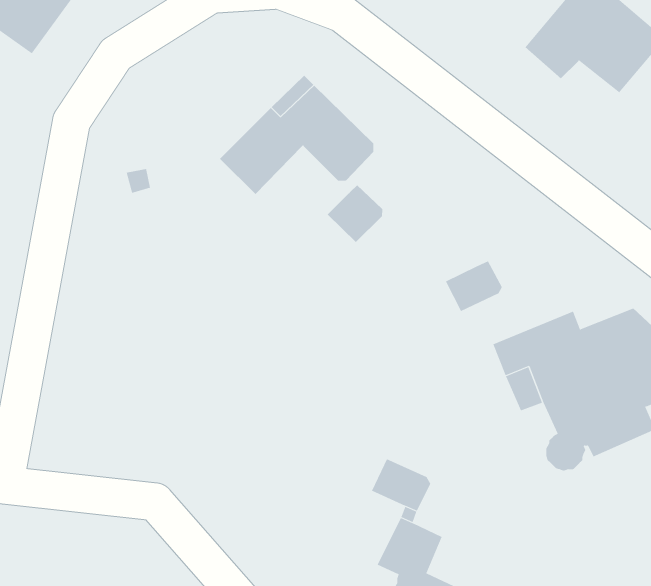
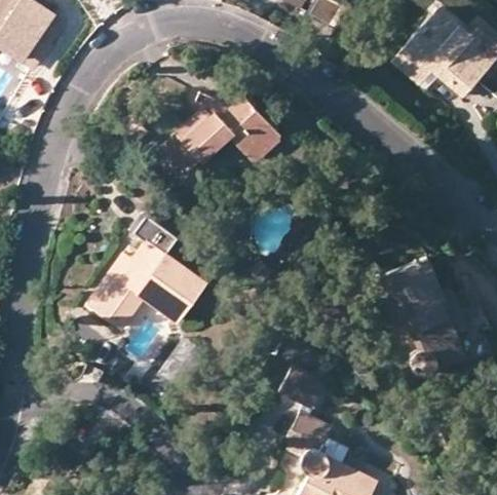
building: [327,184,383,243] -> none
building: none -> [86,217,205,330]
building: [445,260,502,312] -> none

